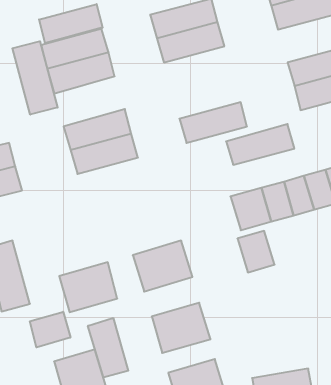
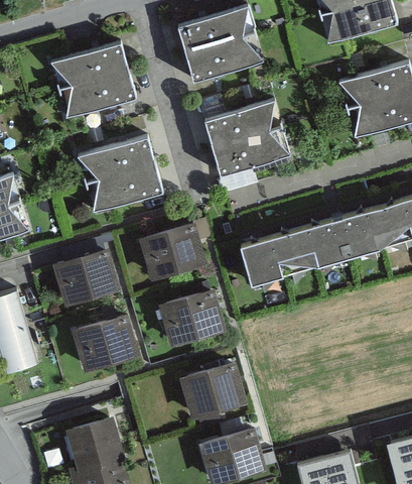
building: [39,4,103,43] -> none
building: [12,41,58,115] -> none
building: [226,124,294,165] -> [203,100,283,147]
building: none -> [138,224,208,282]
building: none -> [52,247,121,308]
building: [237,231,275,272] -> [240,238,283,286]
building: [30,312,70,347] -> none
building: [88,318,128,377] -> none

